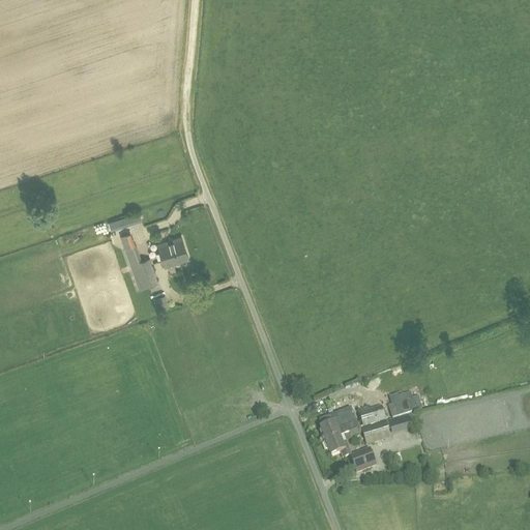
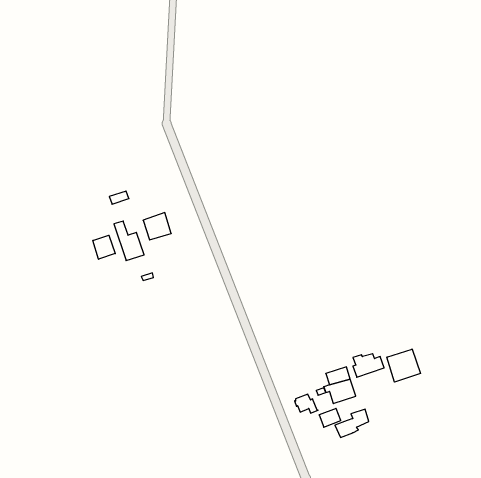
building: none -> [93,235,115,259]
building: none -> [387,349,421,382]
building: [319,408,356,439] -> [335,409,369,437]

